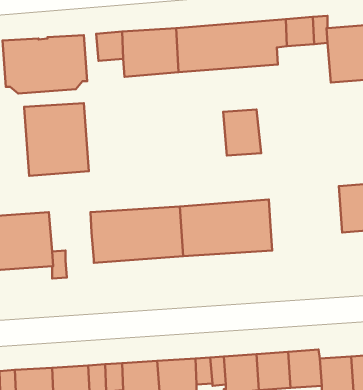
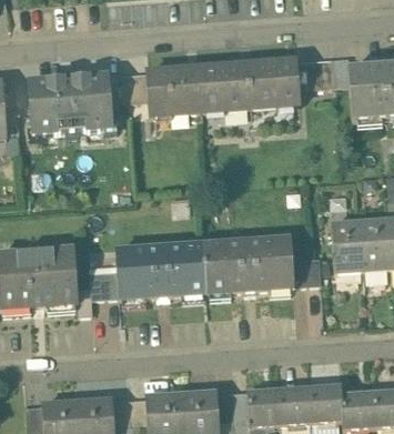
building: [24,103,89,176] -> none
building: [223,109,261,156] -> none
building: none -> [331,223,362,271]
building: none -> [291,256,321,284]
building: none -> [88,269,118,296]

